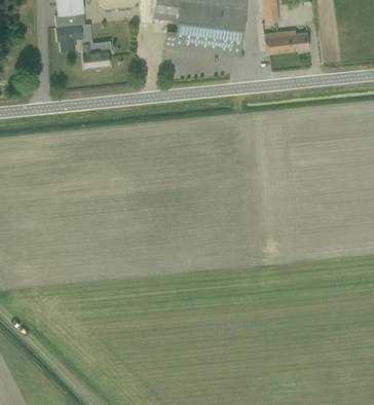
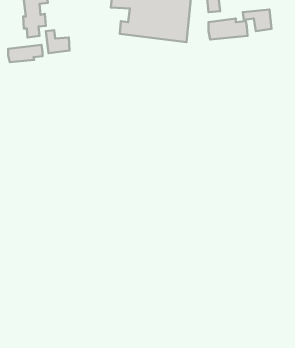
building: none -> [243,10,271,31]
building: none -> [8,45,43,62]

